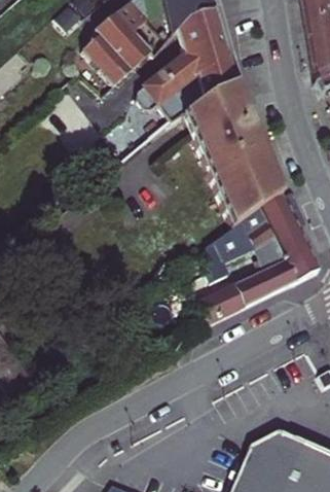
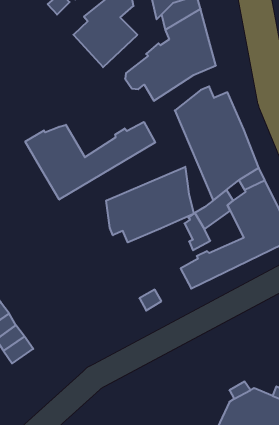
building: [184,82,249,131] -> none
building: none -> [25,122,155,200]
building: none -> [106,167,194,242]

